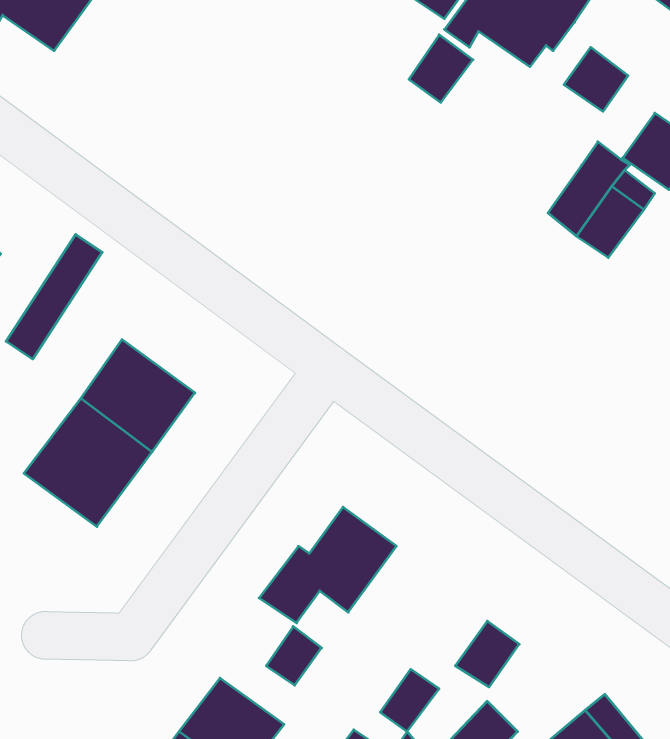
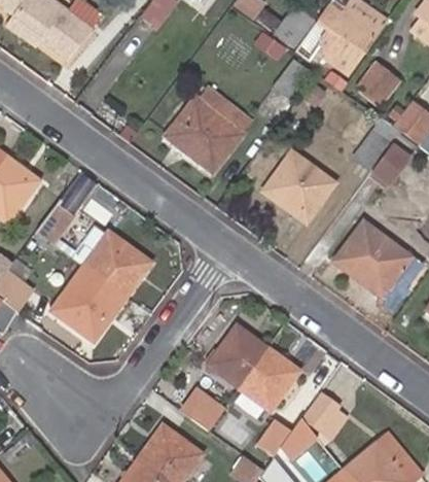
building: none -> [166,82,253,171]
building: none -> [264,150,333,220]
building: none -> [334,225,412,299]
building: none -> [239,349,296,410]

